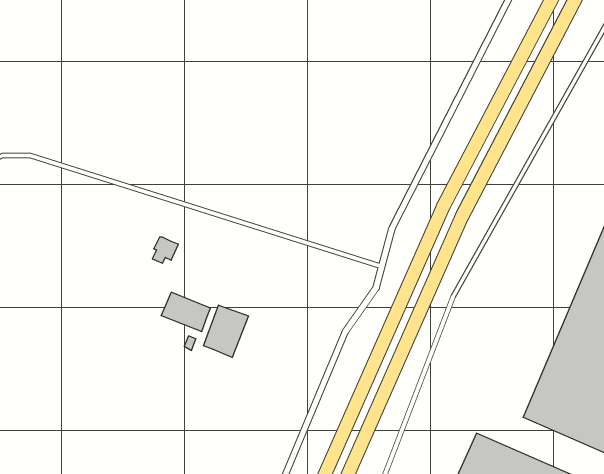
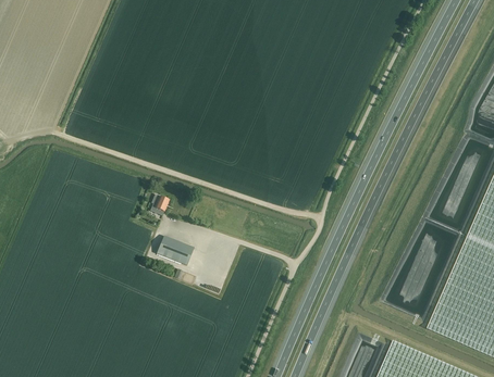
building: [203,305,249,357] -> none

